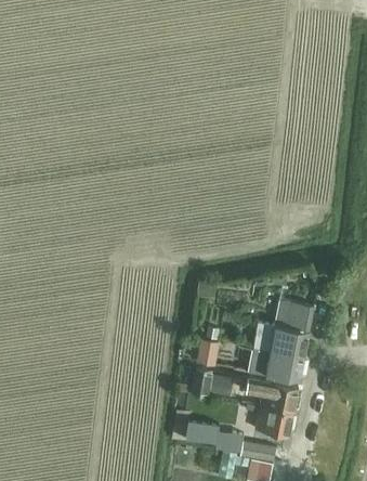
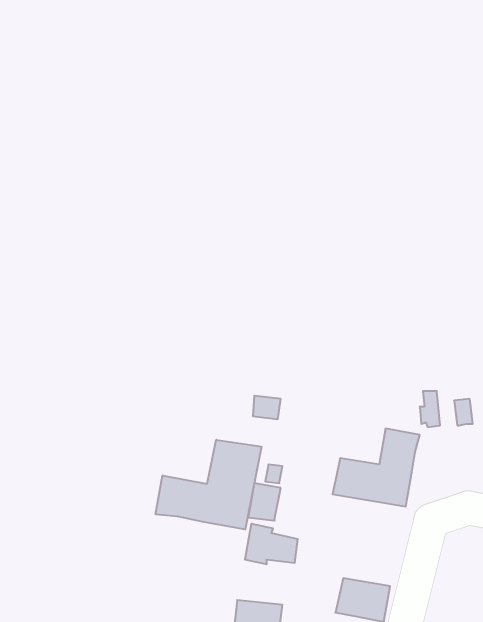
building: none -> [156,440,261,530]
building: [250,348,304,381] -> none
building: [246,378,298,412] -> none

